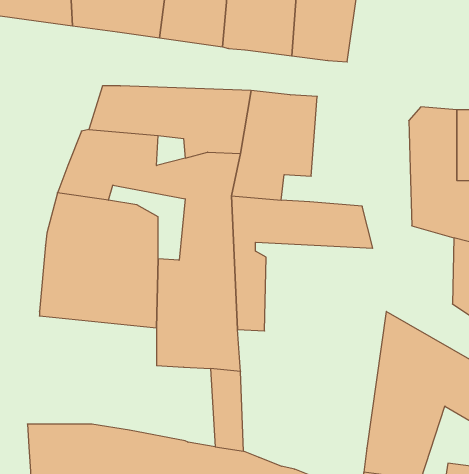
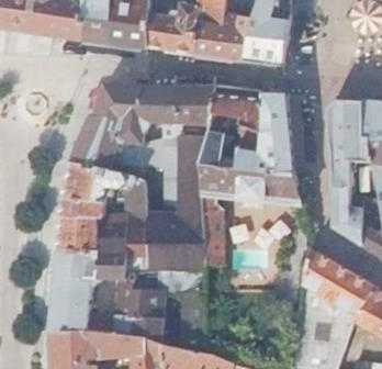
building: none -> [256,91,294,171]
building: none -> [330,186,361,243]
building: none -> [49,251,167,344]

